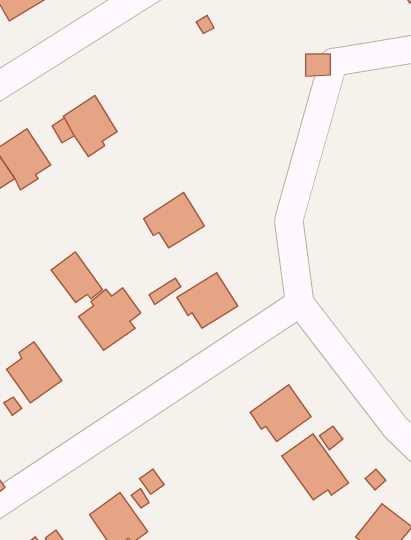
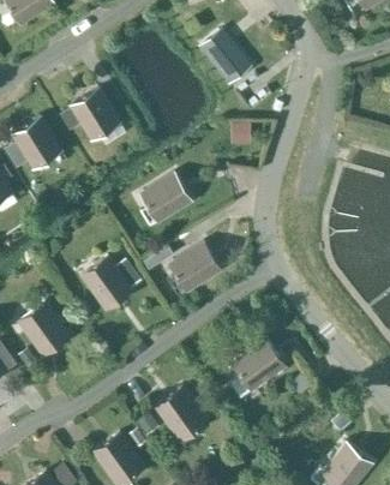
building: none -> [199,30,248,83]
building: [51,252,102,303] -> none
building: [282,434,348,500] -> none
building: none -> [155,388,205,437]

